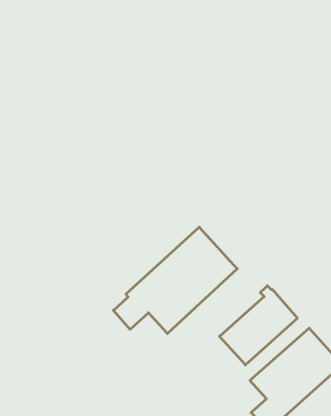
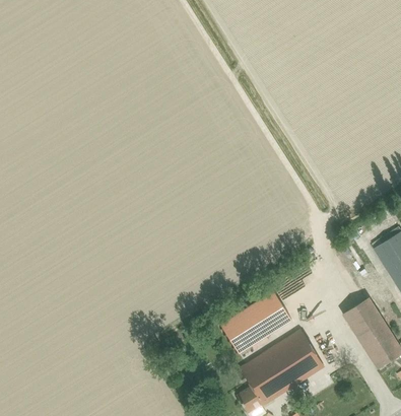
building: [113,227,237,334] -> none

